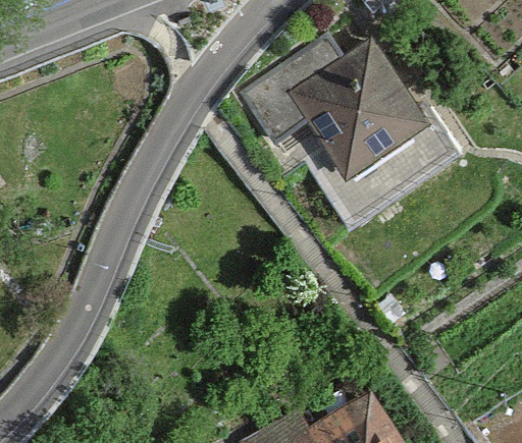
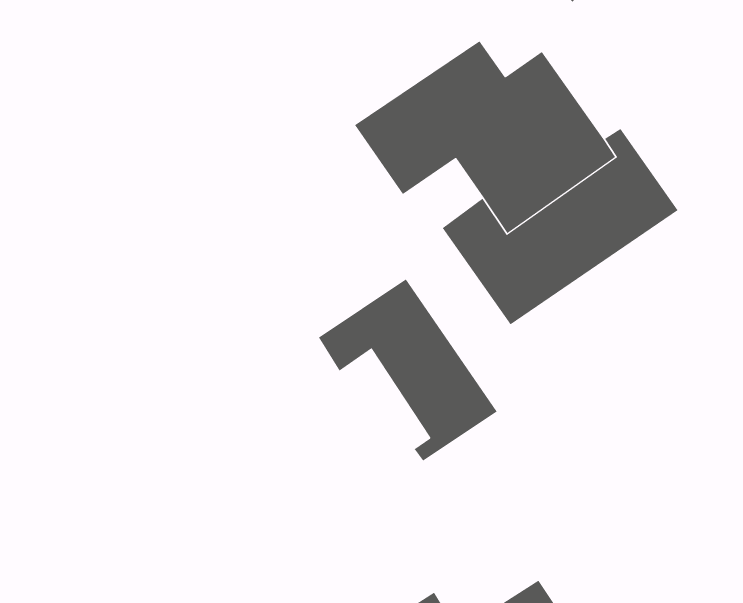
building: none -> [318,278,497,461]

